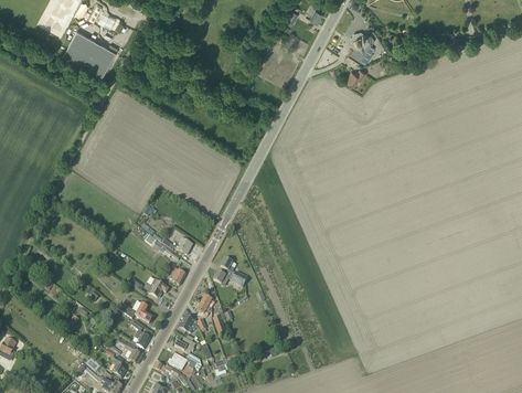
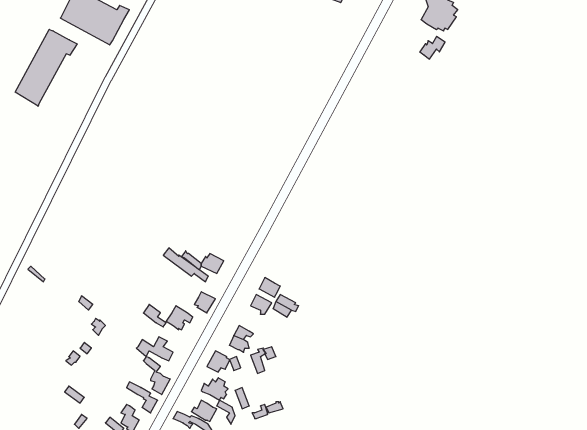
building: none -> [15,29,77,106]

